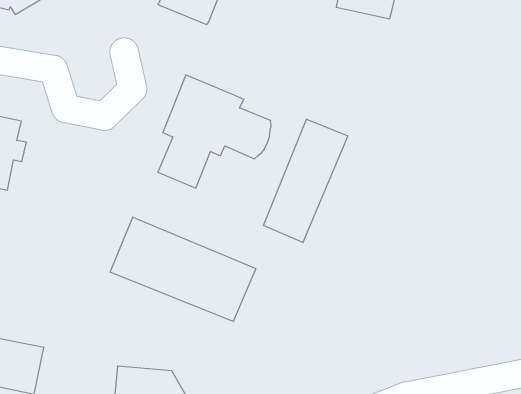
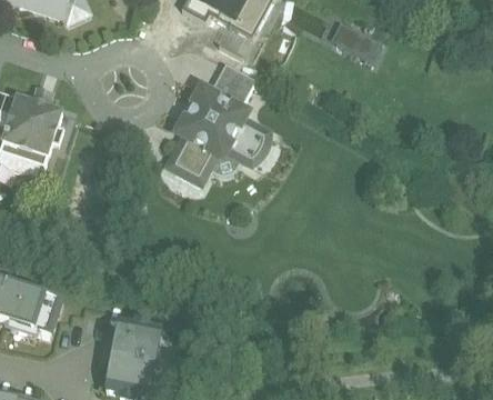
building: none -> [210,62,255,108]
building: [264,119,348,243] -> none
building: [110,217,256,321] -> none

